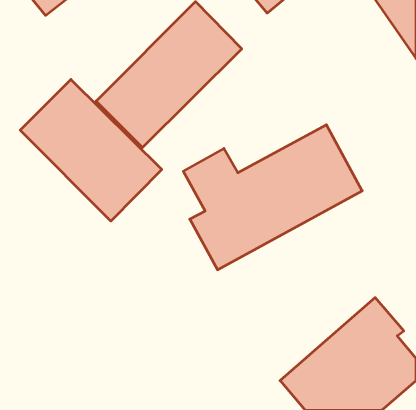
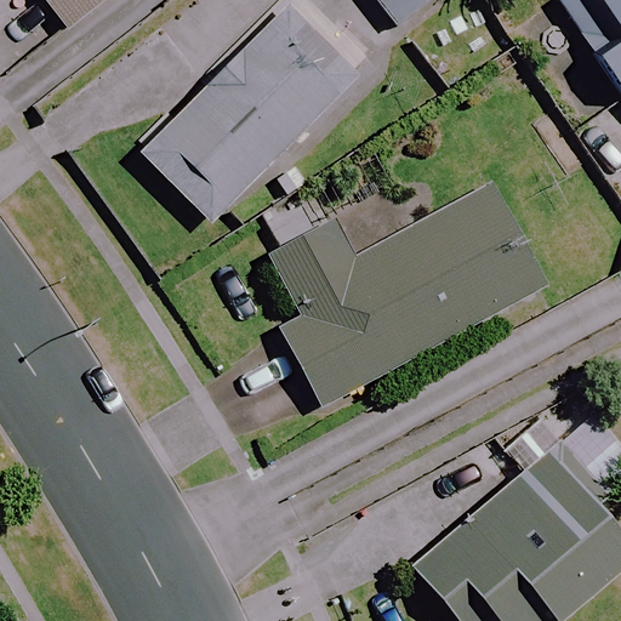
building: [20,79,162,221] -> none

